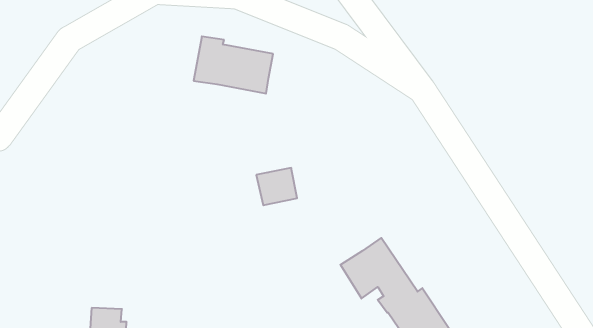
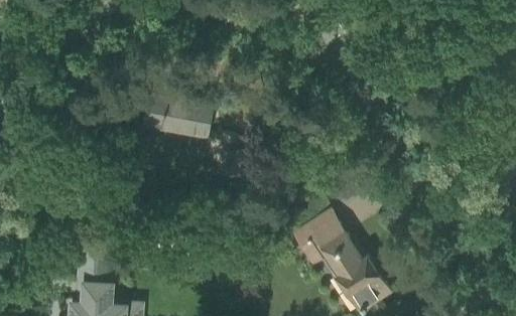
building: [194,36,273,94] -> [144,89,213,138]

